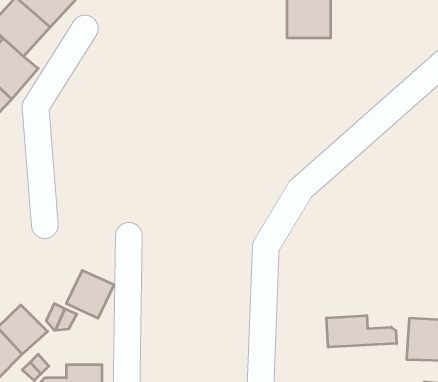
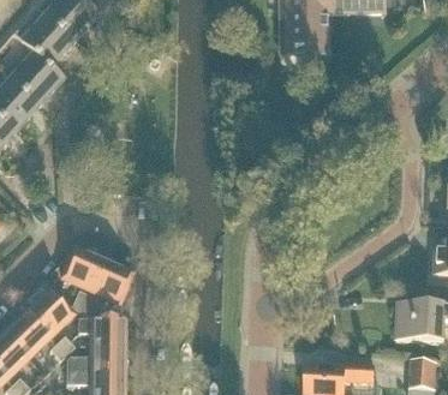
building: none -> [61,247,103,289]
building: [327,315,397,347] -> none
building: none -> [78,319,121,345]

